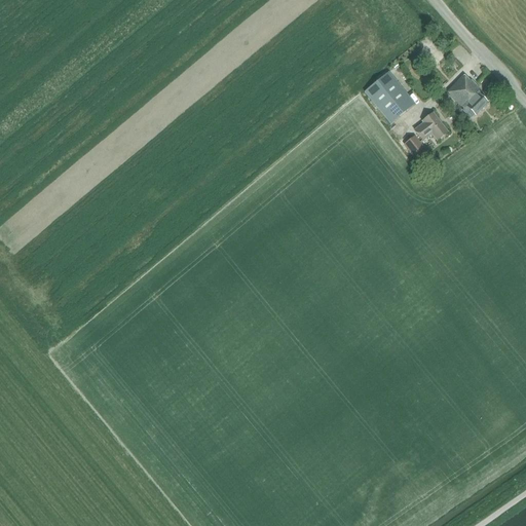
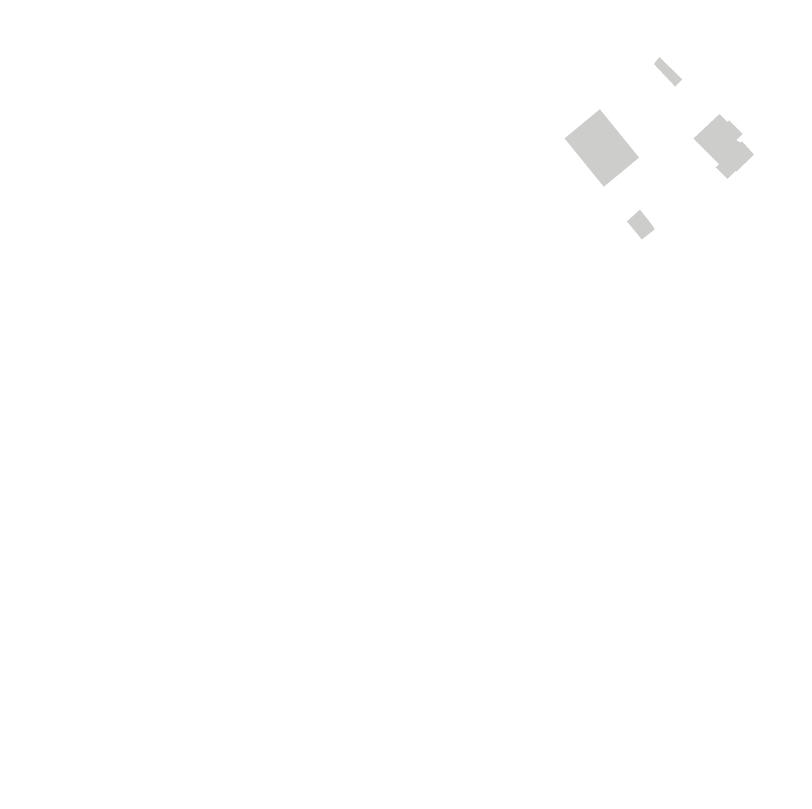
building: [414,110,448,139] -> none

